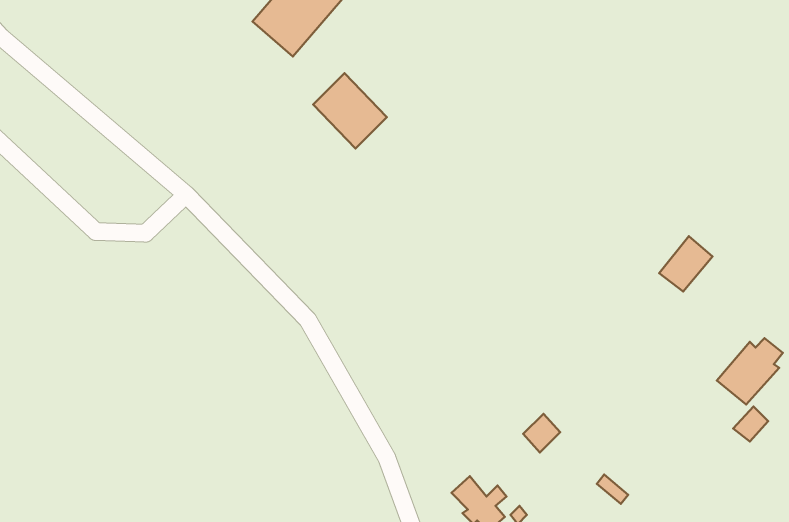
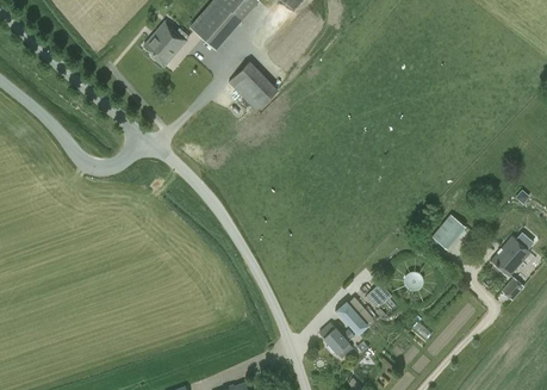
building: none -> [144,21,188,66]
building: [659,236,713,291] -> [431,213,466,249]
building: none -> [334,299,368,335]

